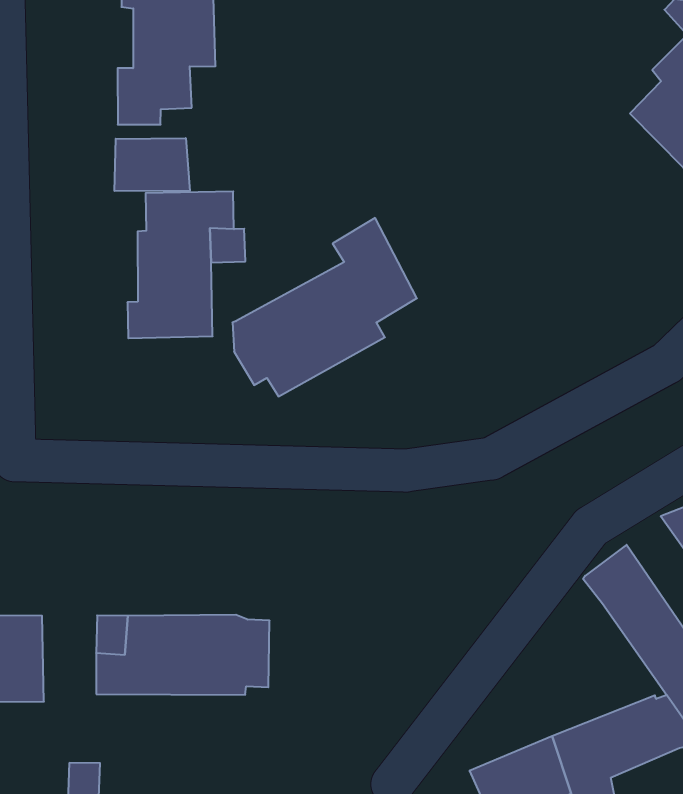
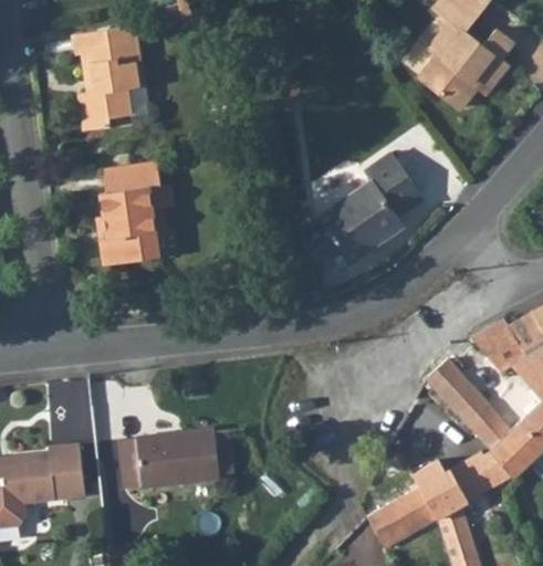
building: [115,138,190,191] -> none
building: [232,218,417,396] -> [302,146,419,269]

